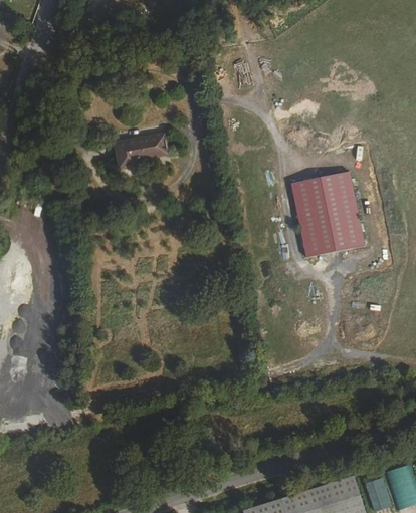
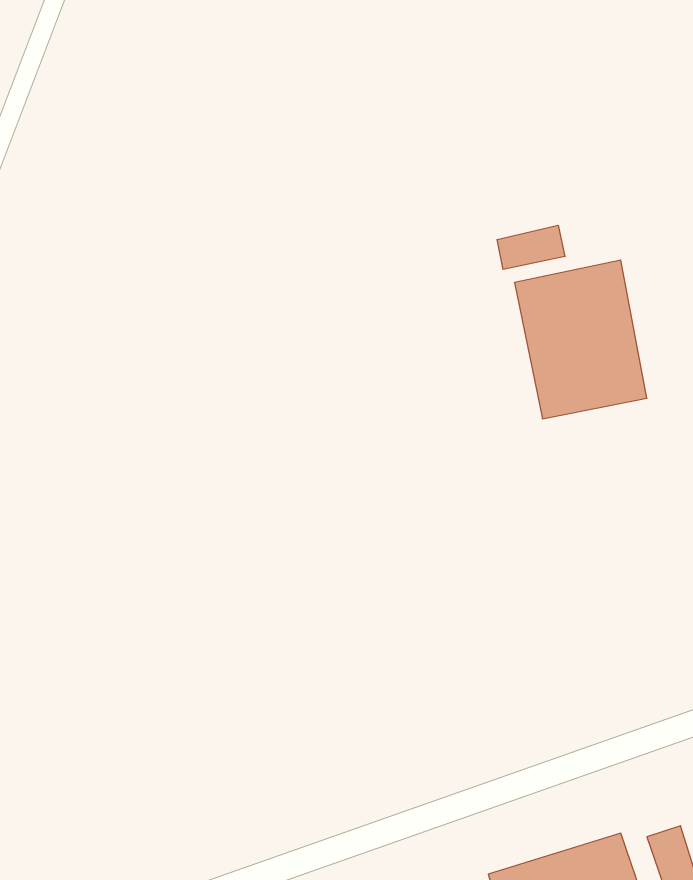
building: [115,132,168,166] -> none
building: none -> [497,225,565,269]

